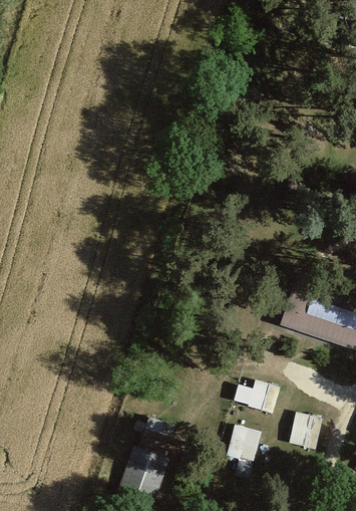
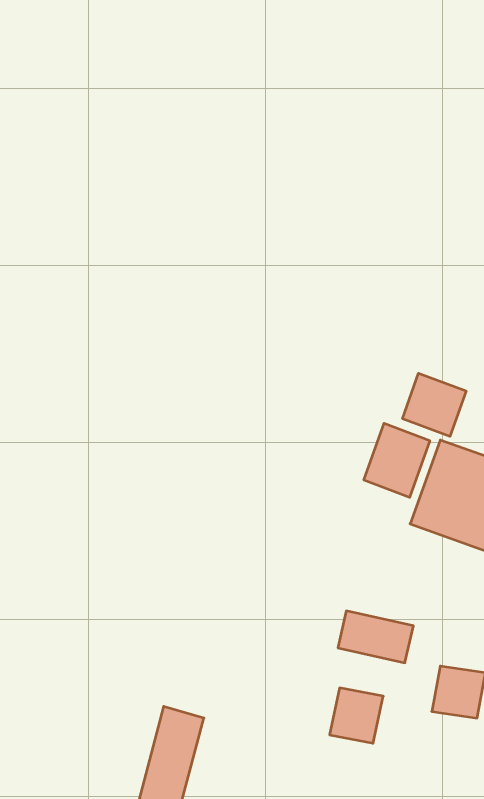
building: none -> [403,373,466,436]
building: none -> [364,423,430,497]

